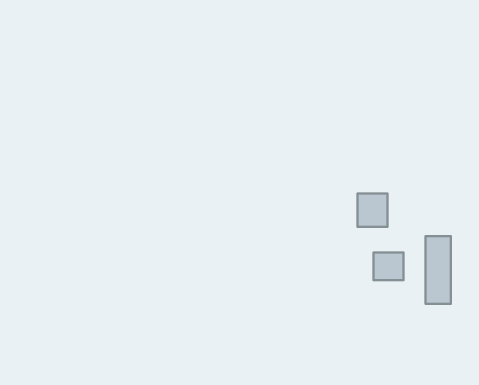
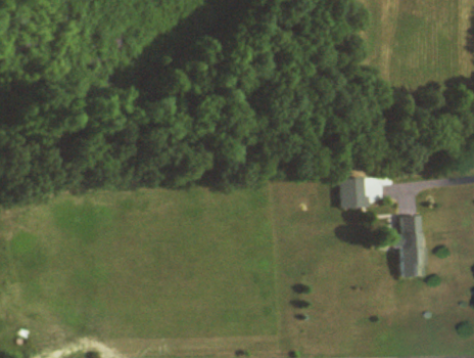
building: [373,253,403,280] -> none

